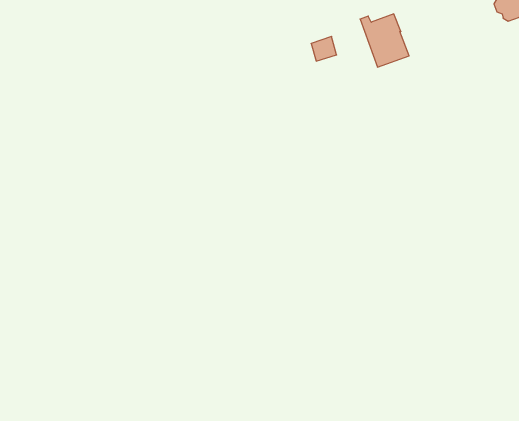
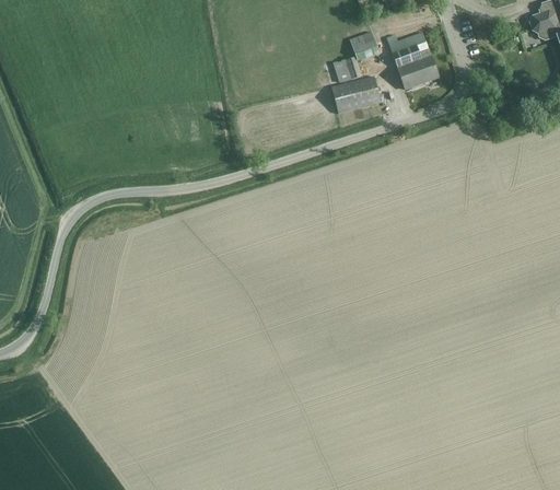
building: none -> [349,31,380,60]
building: none -> [331,75,382,113]

